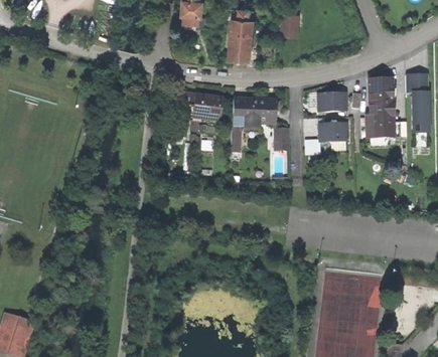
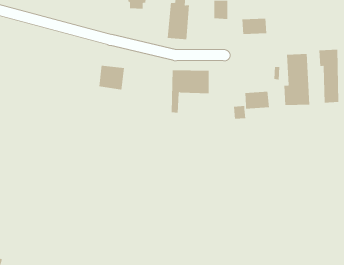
building: [192,93,224,122] -> [98,65,125,90]
building: [317,93,347,112] -> [242,18,267,34]
building: [274,127,290,151] -> none

